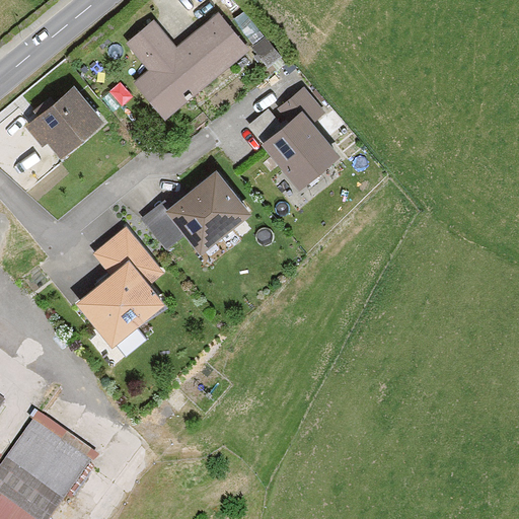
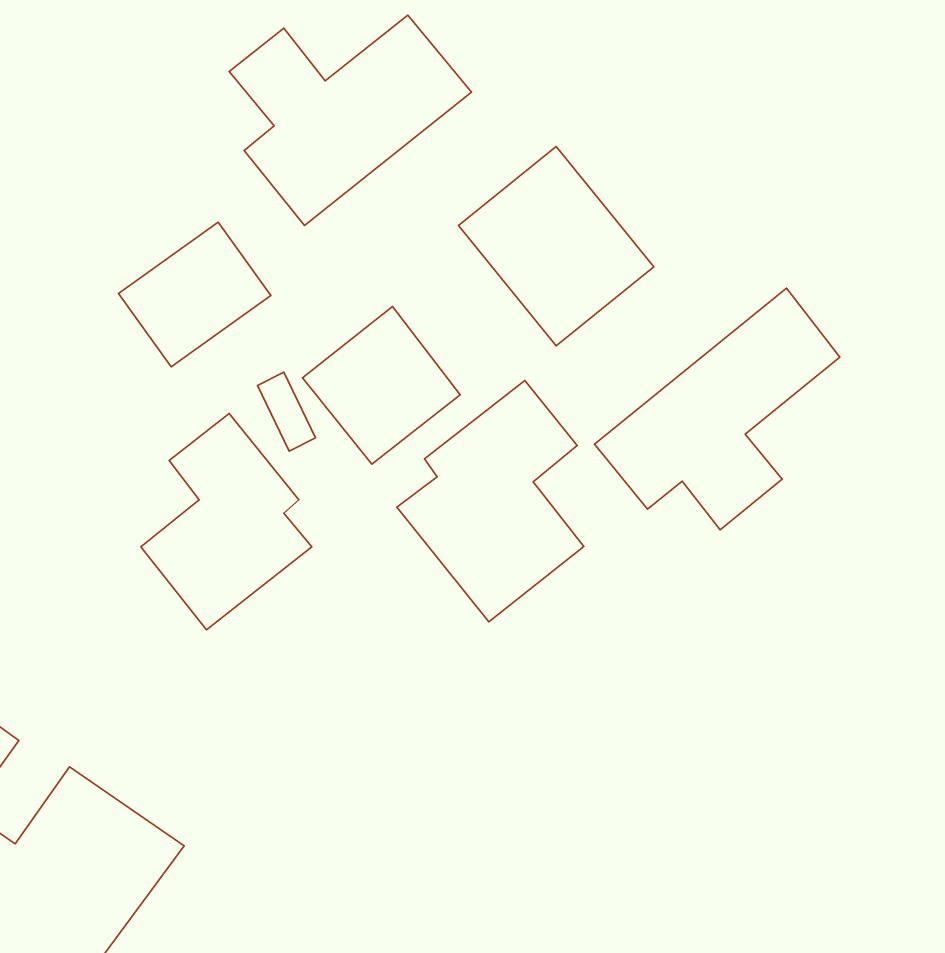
building: [25,82,107,160] -> [119,222,271,367]
building: none -> [595,288,840,530]
building: none -> [397,380,584,622]

